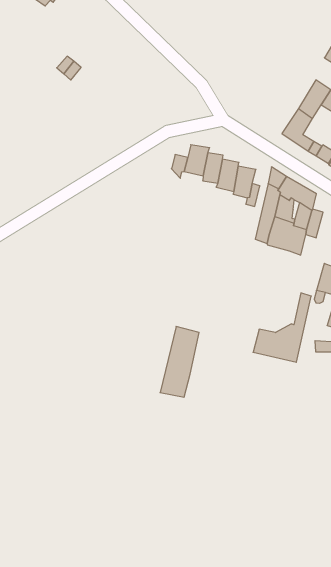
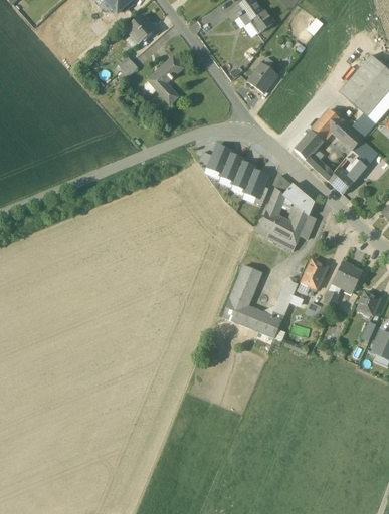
building: none -> [126,16,155,40]
building: none -> [247,62,277,92]
building: none -> [148,56,183,103]
building: [160,326,199,397] -> [221,264,261,323]

